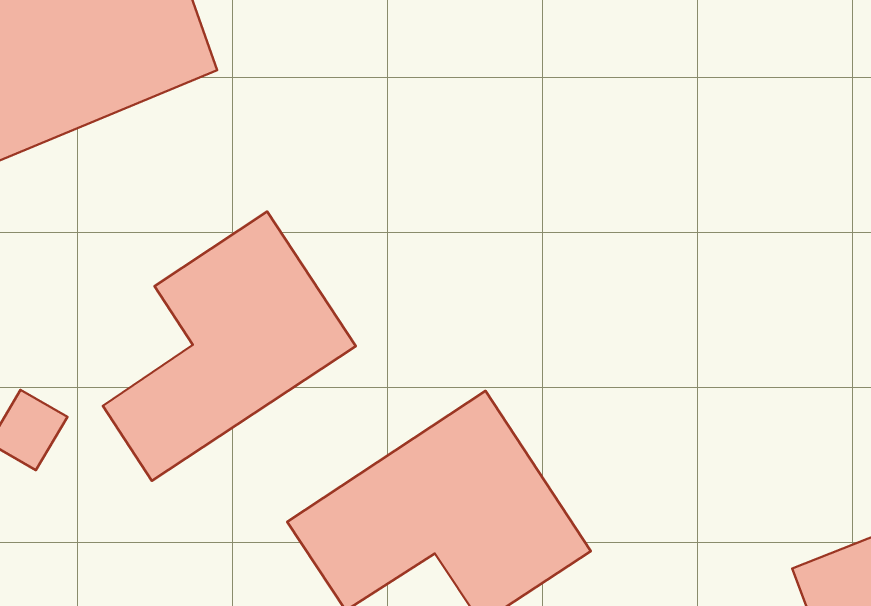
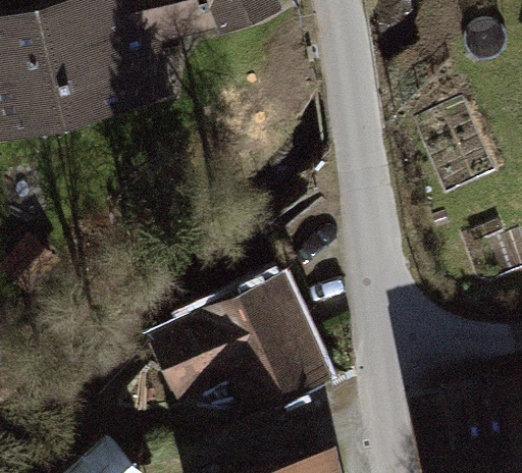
building: [103,212,356,481] -> none

